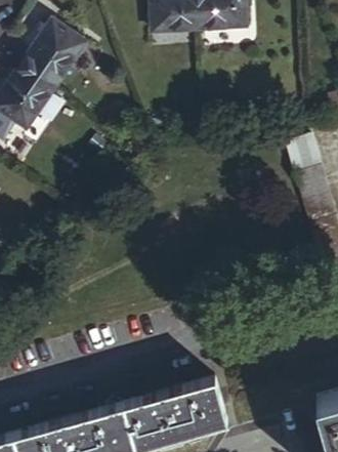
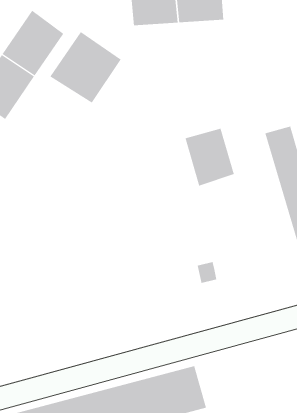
building: none -> [50,31,121,103]
building: none -> [185,128,235,187]

